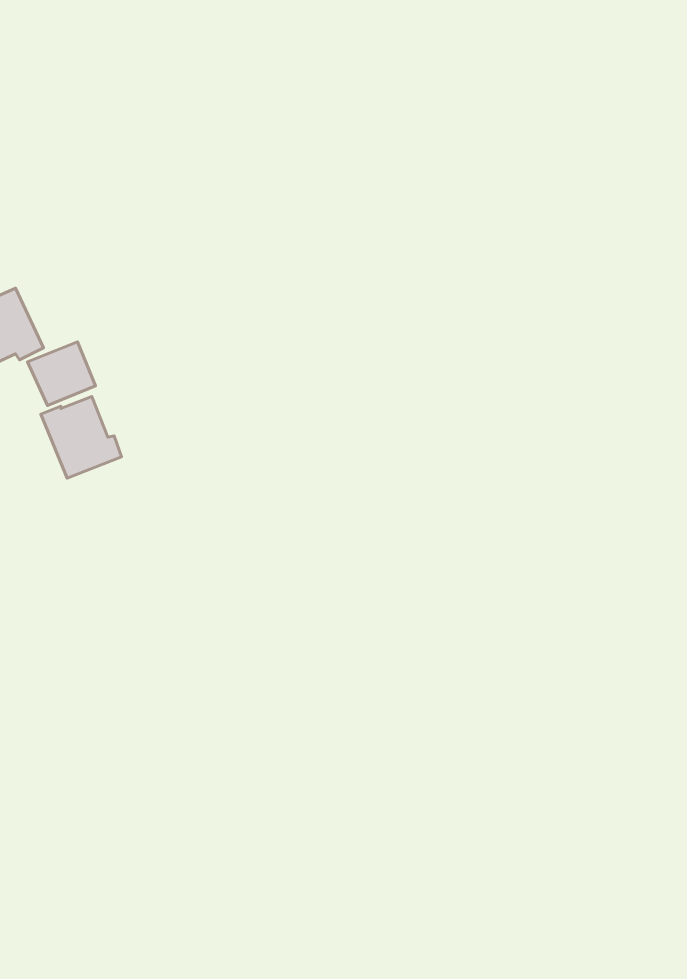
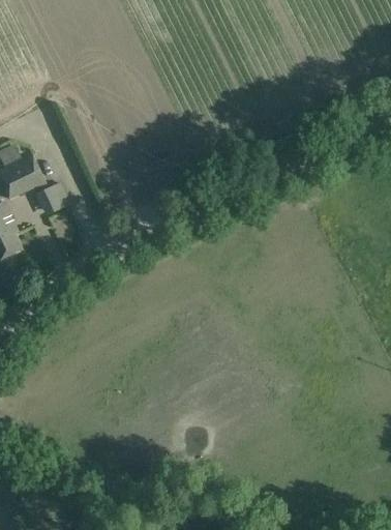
building: [41,397,122,478] -> none

